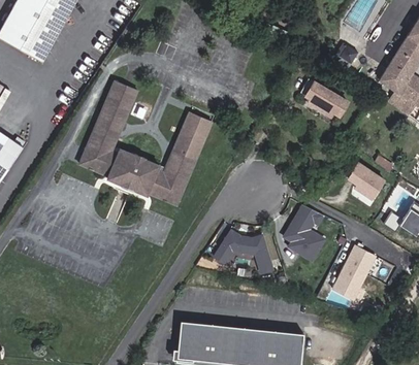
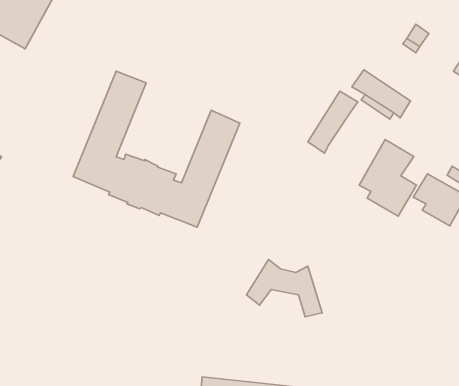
building: none -> [308,91,358,153]
building: [283,202,328,263] -> [359,140,417,216]
building: [334,243,379,301] -> none

